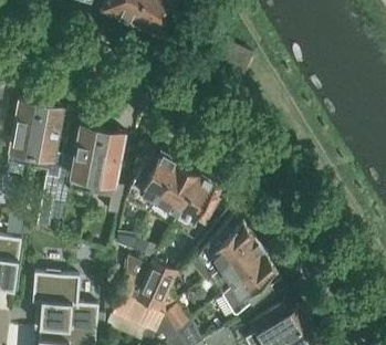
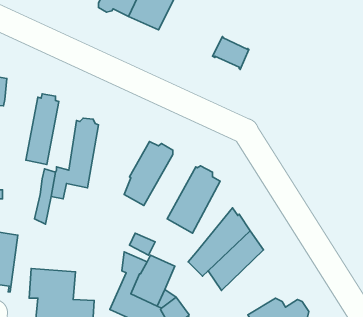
building: [9,93,41,164] -> none
building: [91,128,124,211] -> none
building: [147,156,199,222] -> none
building: [225,253,281,309] -> none

